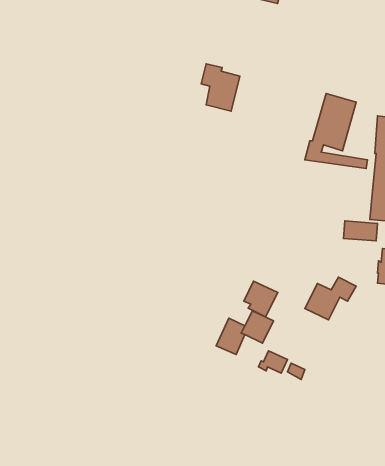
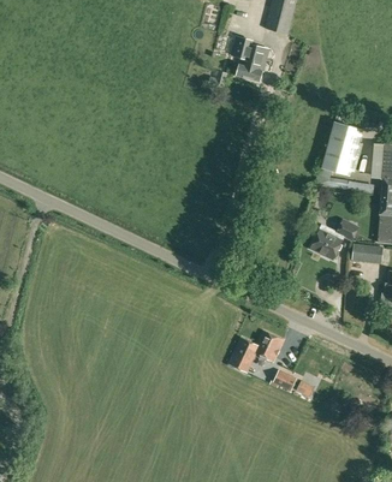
building: [201,64,240,111] -> [232,37,269,83]
building: [305,277,356,320] -> [310,219,360,260]
building: [244,281,278,317] -> none

